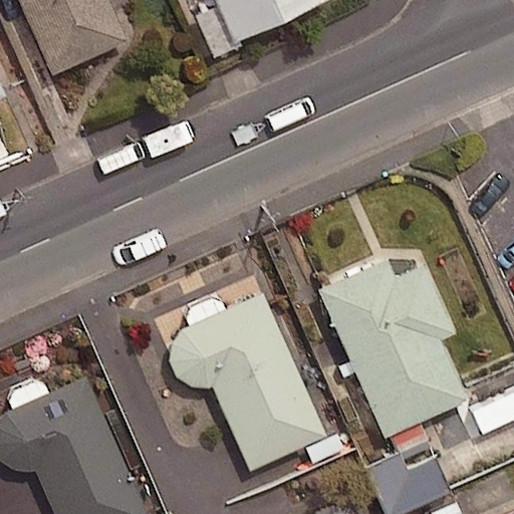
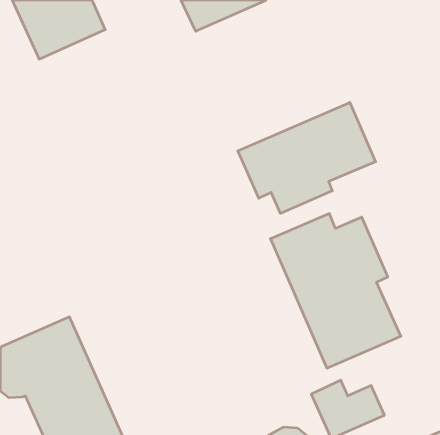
building: none -> [238,102,376,213]
building: [169,291,327,470] -> none

